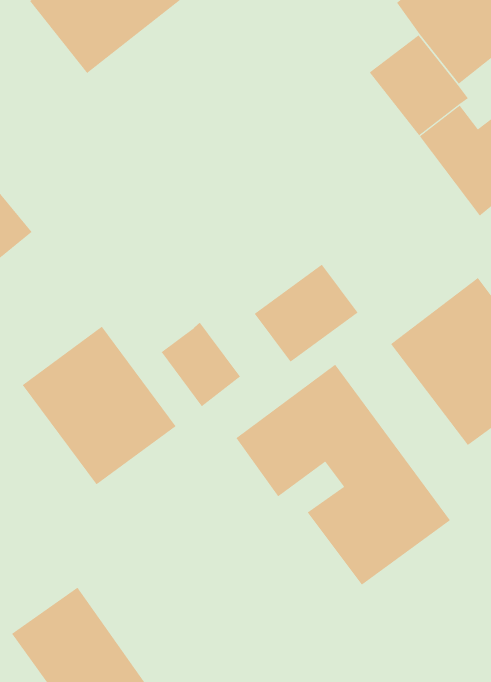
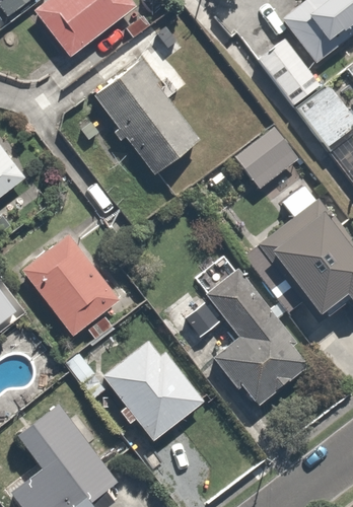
building: none -> [91,58,204,176]
building: [254,264,358,362] -> [233,126,303,192]
building: [161,322,241,407] -> none
building: none -> [64,335,207,439]

